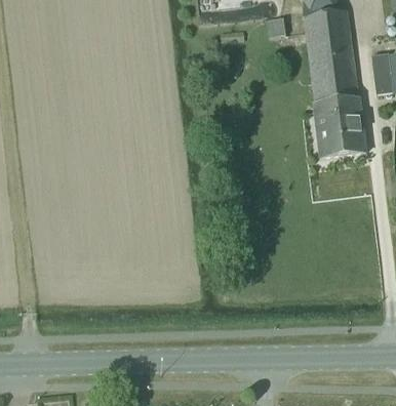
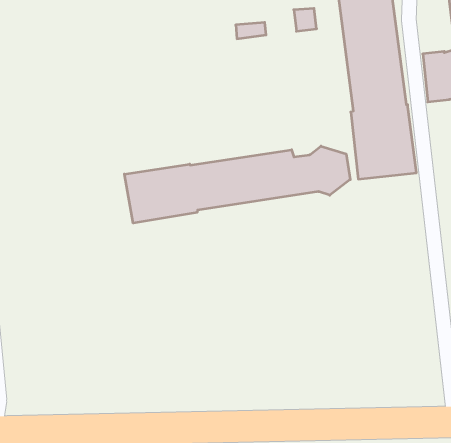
building: none -> [124,146,350,223]

